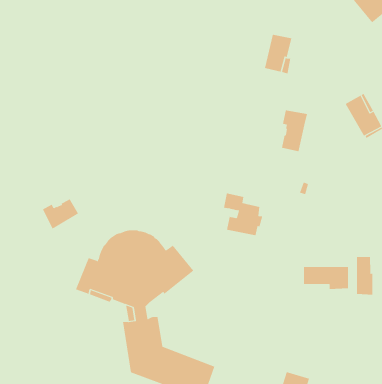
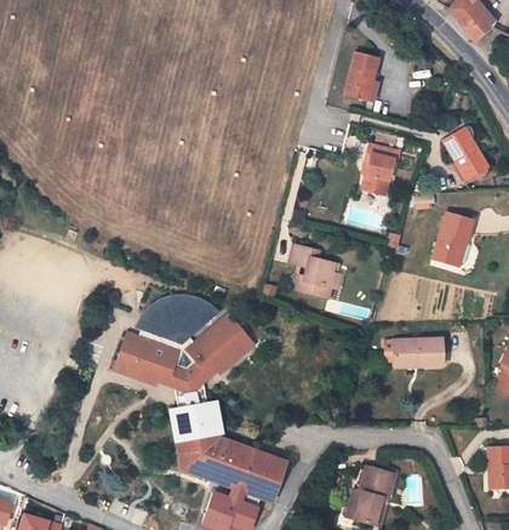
building: none -> [428,213,470,270]
building: [42,198,79,229] -> none
building: [356,256,373,295] -> none

